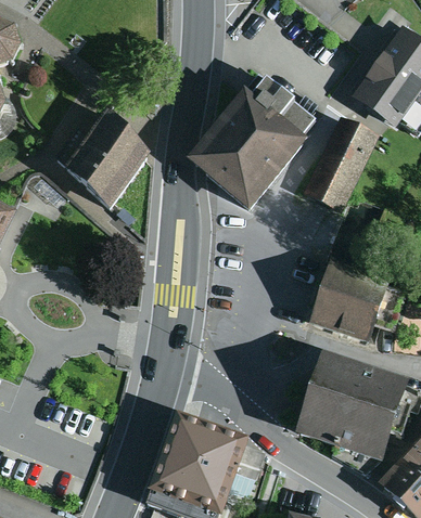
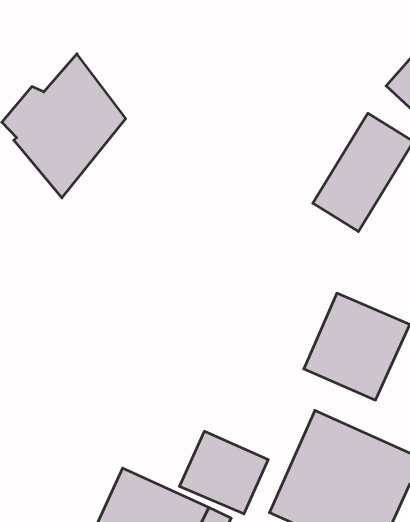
building: [187,68,317,204] -> none
building: none -> [179,431,268,514]

